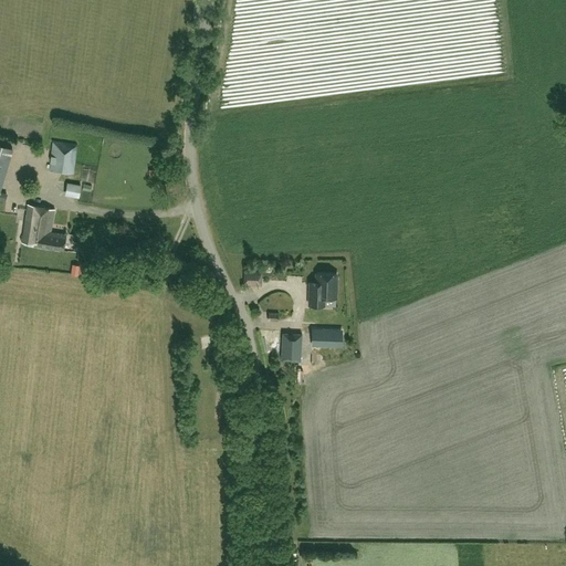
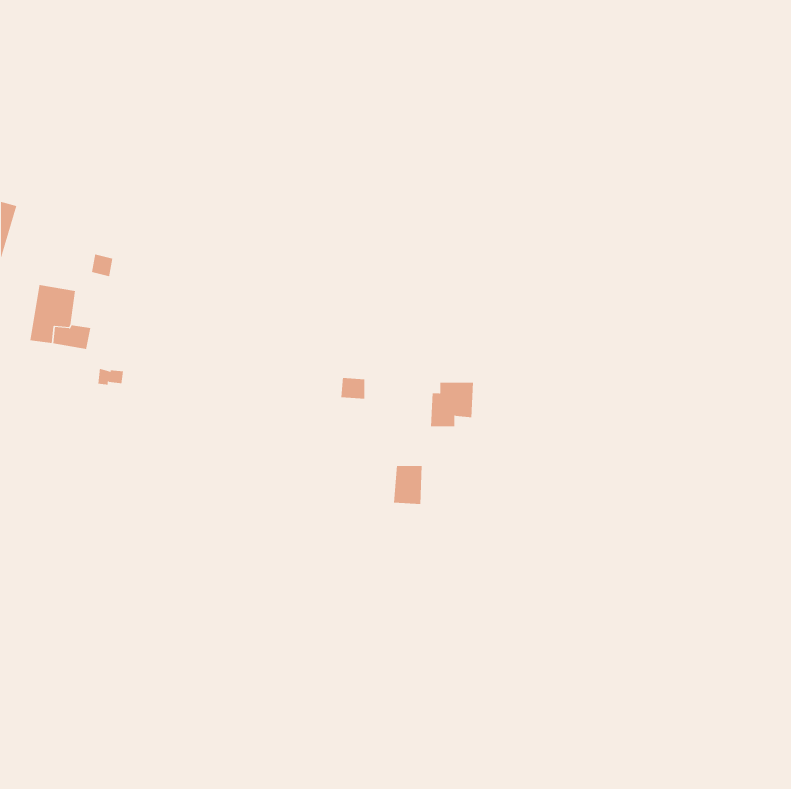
building: [50,142,76,174] -> none
building: [310,329,334,347] -> none

